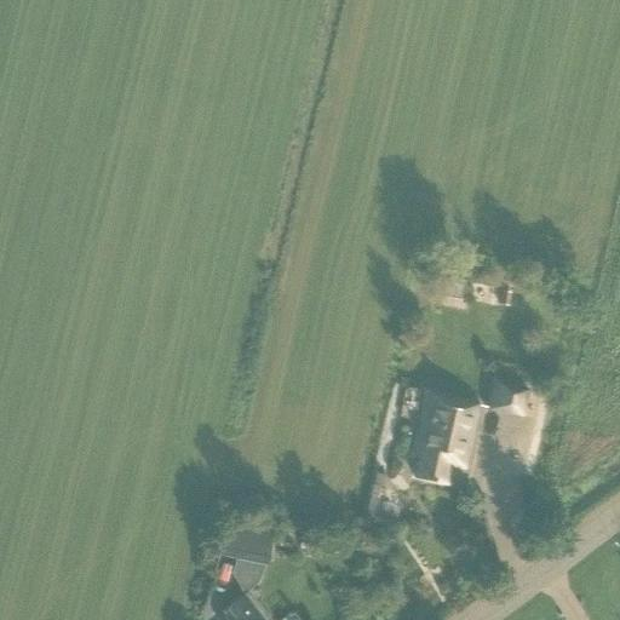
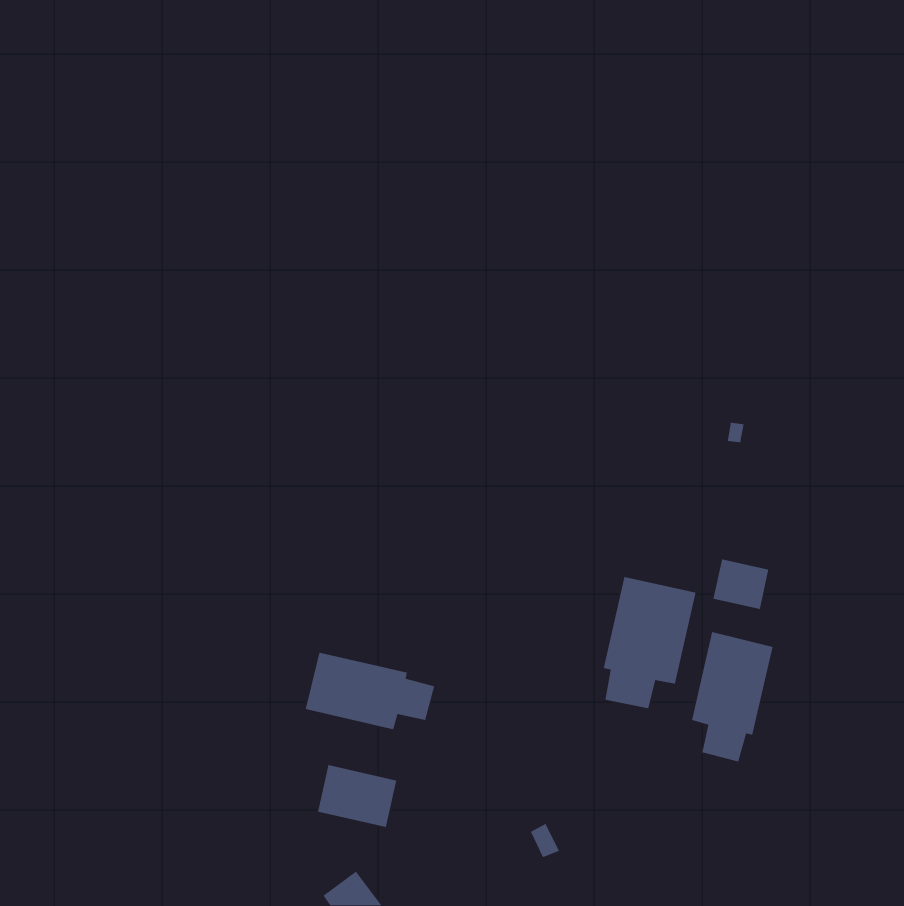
building: none -> [691,631,774,763]
building: none -> [305,652,435,730]

